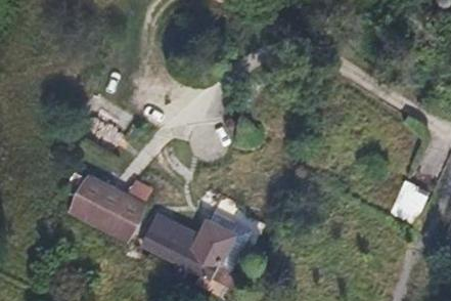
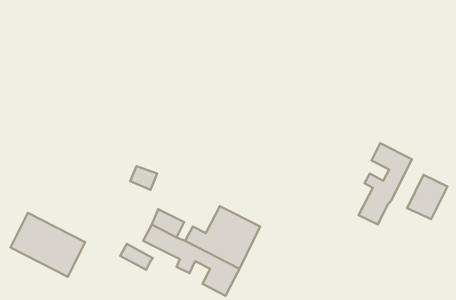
building: none -> [358,143,412,225]
building: [73,177,143,238] -> [10,213,85,277]

